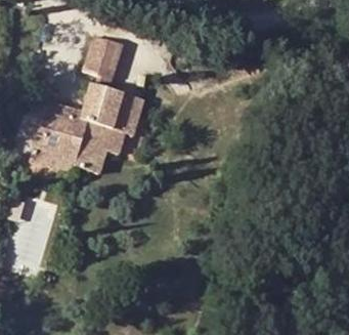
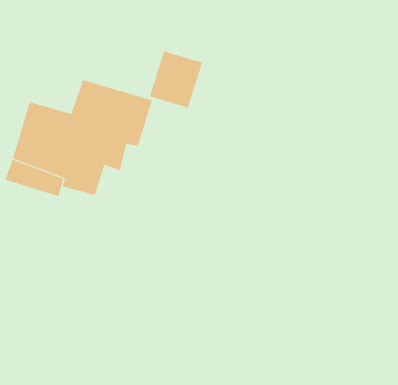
building: [82,33,124,78] -> [149,51,203,108]

